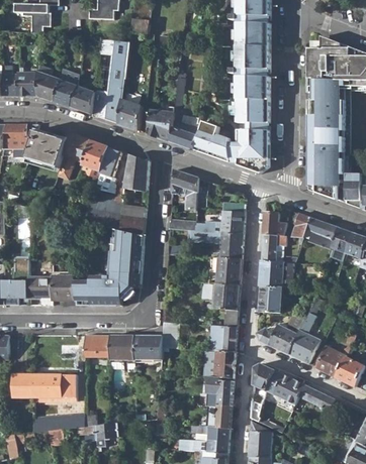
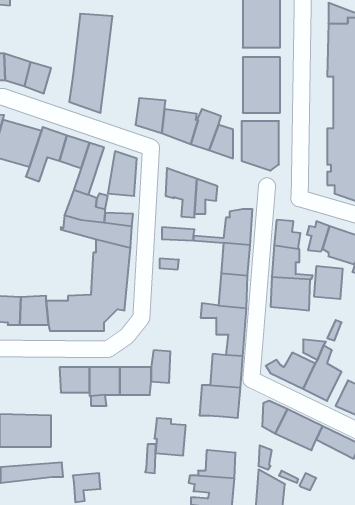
building: [70,85,94,113] -> none
building: [117,99,141,129] -> none
building: [258,284,282,312] -> [314,266,343,299]
building: [206,375,233,407] -> [154,418,186,455]

